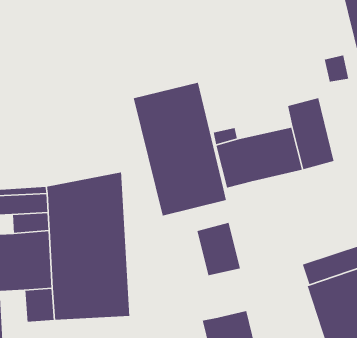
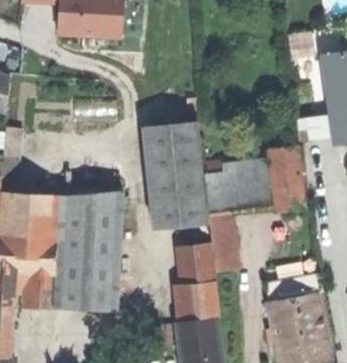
building: none -> [208,212,240,271]
building: none -> [186,284,219,323]

